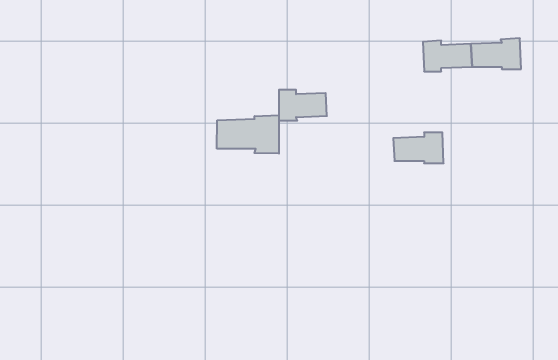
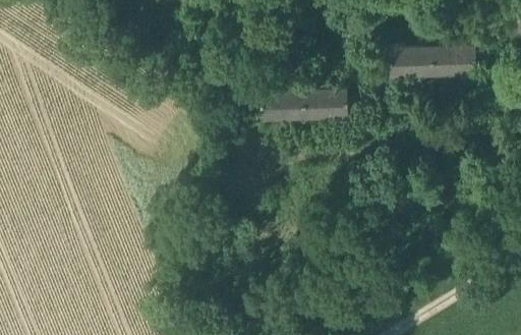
building: [217,115,279,154] -> none
building: [393,132,444,163] -> [302,90,347,117]

